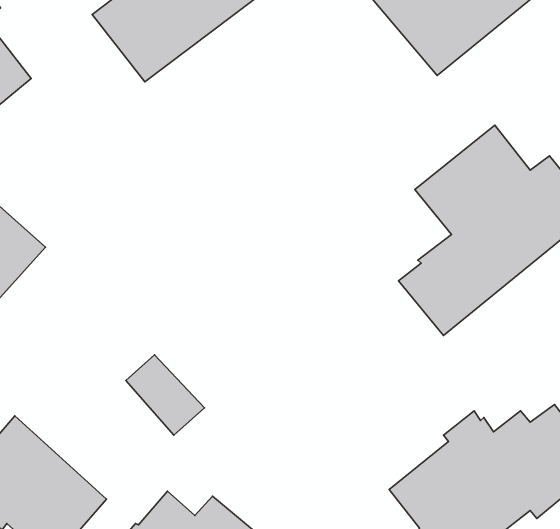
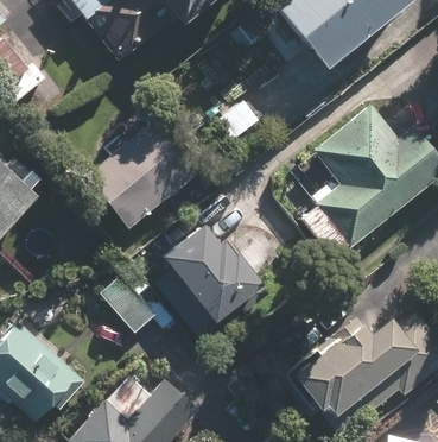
building: none -> [84,121,196,228]
building: none -> [153,225,267,343]

